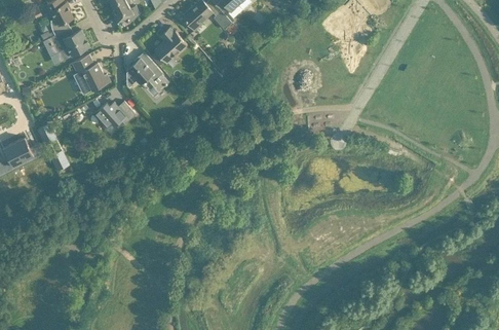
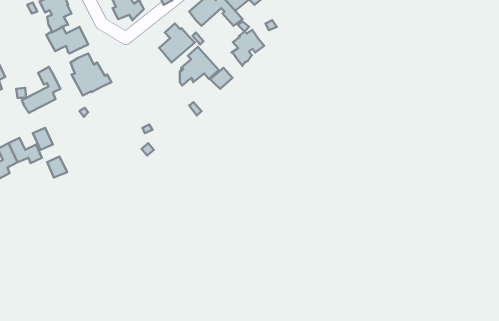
building: none -> [231,30,264,66]
building: [126,51,162,87] -> [180,47,219,86]
building: none -> [22,67,61,113]
building: [90,101,136,130] -> none

